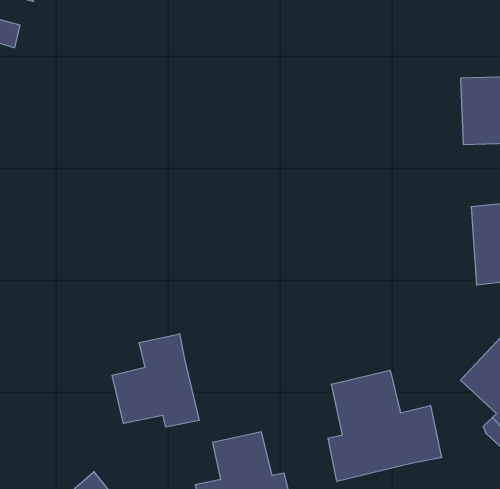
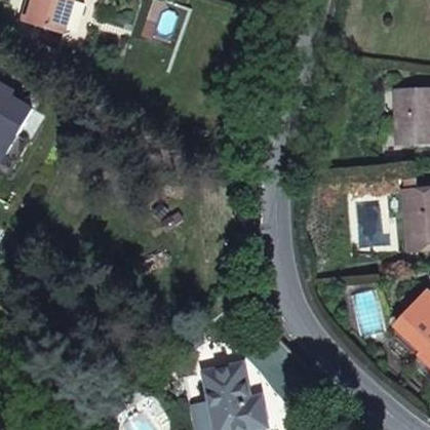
building: [112,334,199,427] -> none
building: [328,370,442,481] -> none

